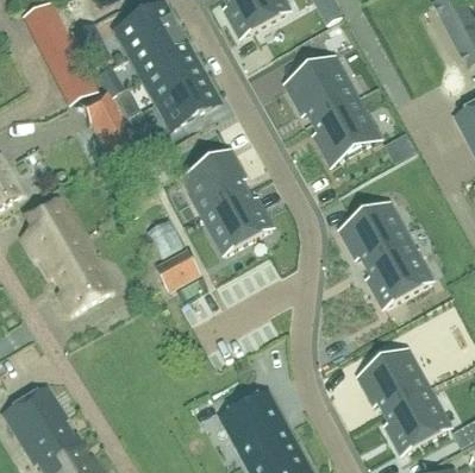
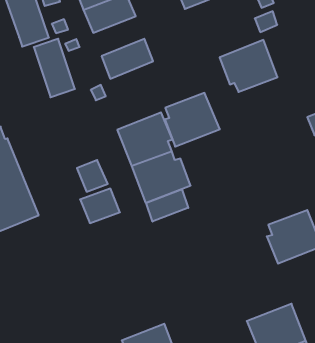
building: [143,50,201,100] -> none
building: [314,96,379,160] -> [165,93,220,147]
building: [340,201,410,263] -> none
building: none -> [146,189,188,222]

